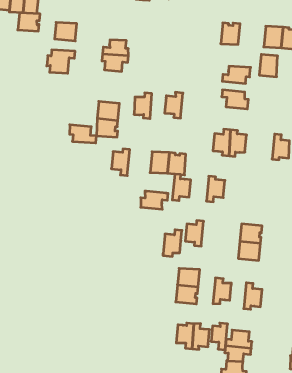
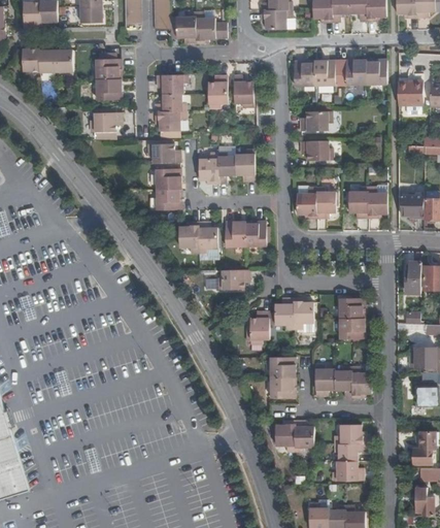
building: [18,13,40,31] -> [96,58,121,79]
building: none -> [157,73,187,94]
building: none -> [207,75,227,107]
building: none -> [233,75,253,107]
building: [259,54,278,77] -> [314,60,335,85]
building: none -> [217,152,235,183]
building: [70,125,96,143] -> [147,143,180,163]
building: none -> [348,187,368,218]
building: [172,174,191,201] -> [198,222,217,253]
building: [206,176,225,202] -> [294,298,313,328]
building: [211,323,228,350] -> [334,366,351,397]

